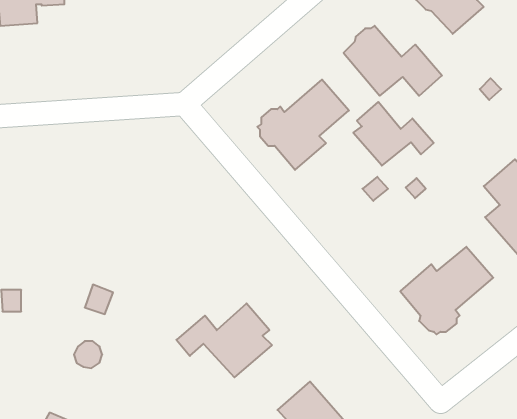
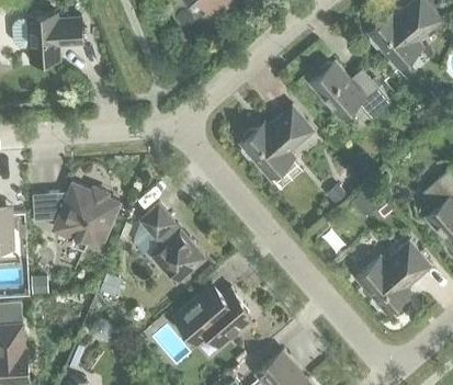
building: [353,102,434,166] -> none
building: none -> [45,188,118,249]
building: none -> [140,204,204,282]

